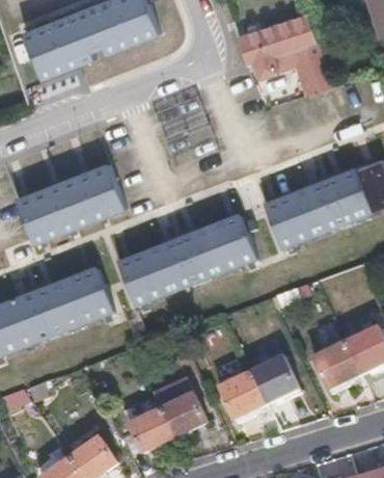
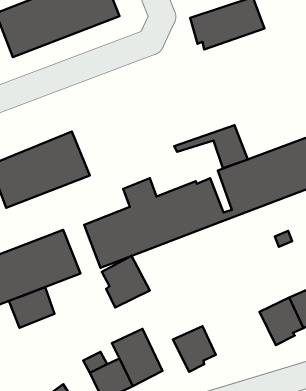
building: [251,47,331,94] -> [174,125,248,168]
building: none -> [102,256,150,307]
building: none -> [9,287,55,328]
building: [249,354,299,402] -> none

